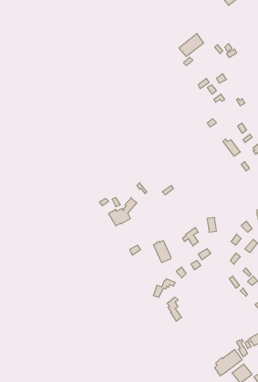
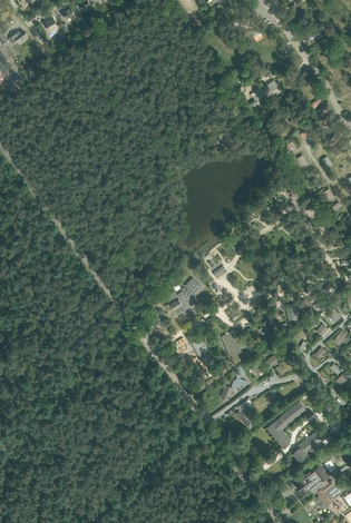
building: none -> [266,401,306,446]
building: none -> [293,431,323,461]

